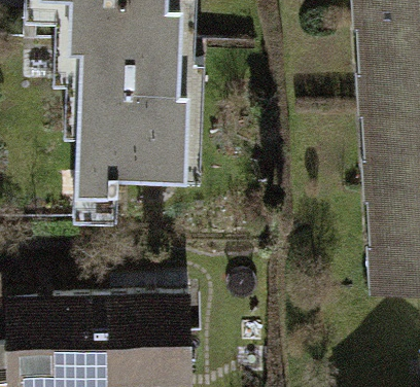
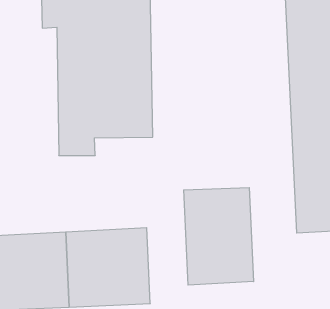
building: none -> [184,188,254,285]

